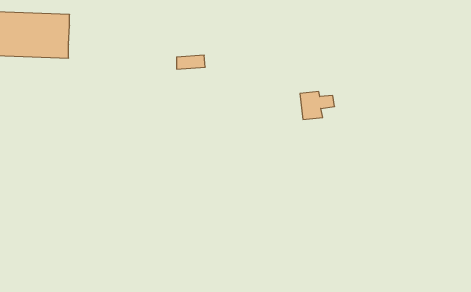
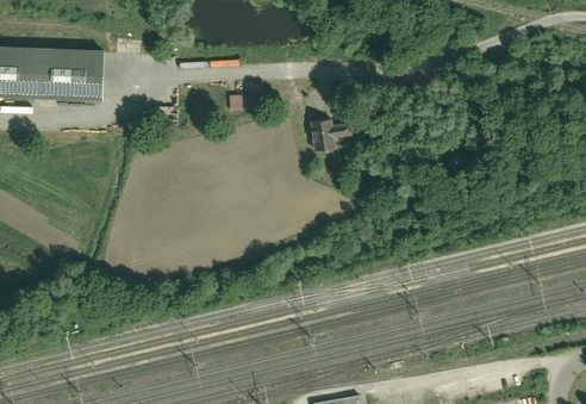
building: [300,92,335,119] -> [308,119,350,153]

